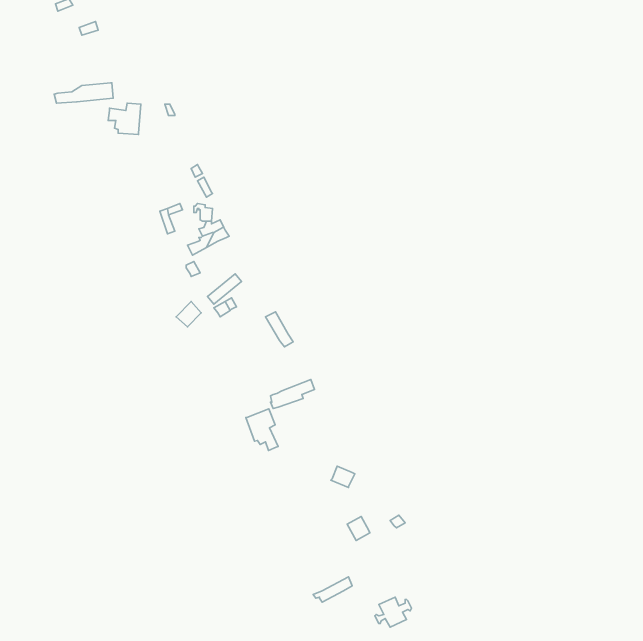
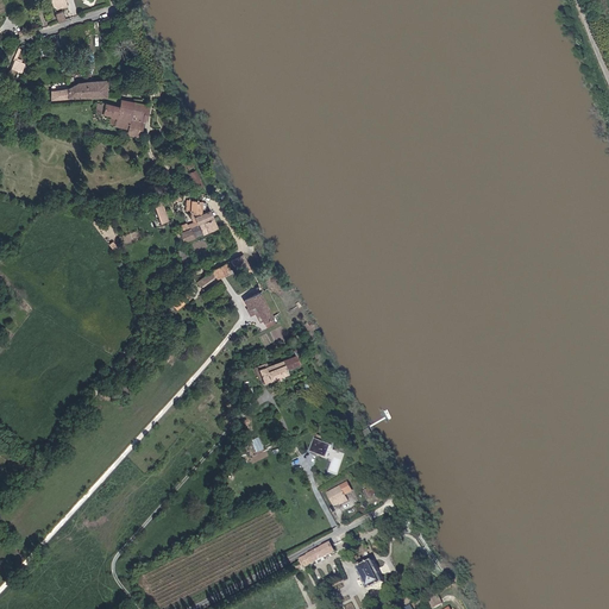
building: none -> [130,96,150,136]
building: [246,409,278,451] -> none

